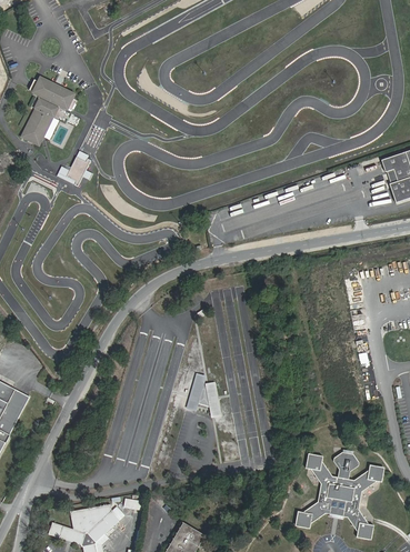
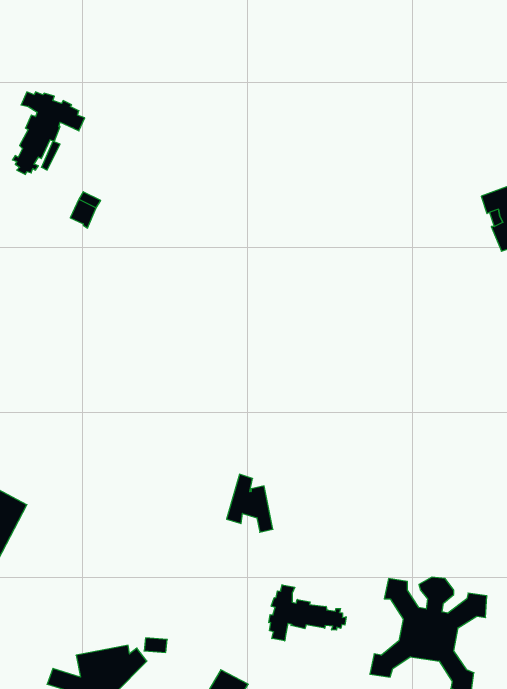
building: none -> [269,585,346,641]

